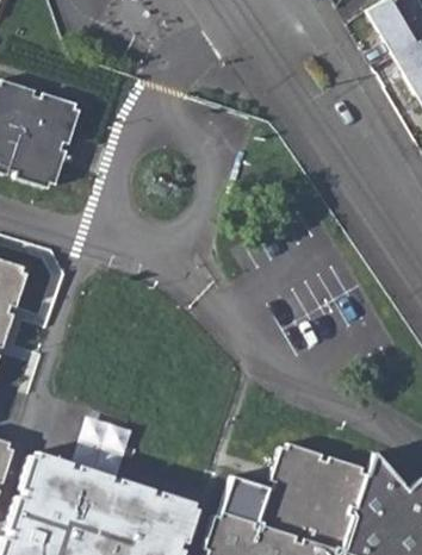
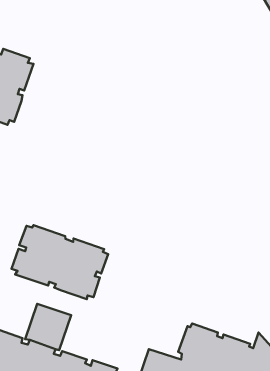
building: none -> [12,225,108,299]

